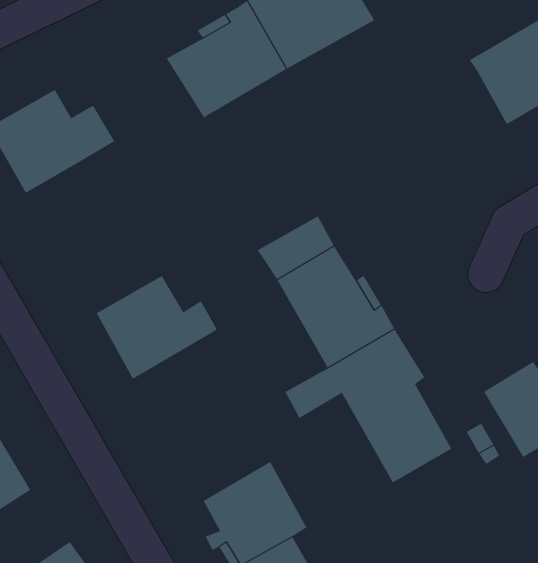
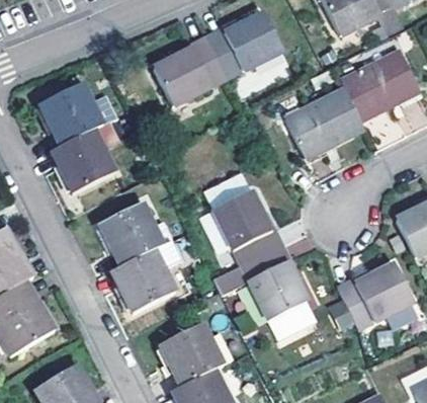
building: none -> [284,88,365,159]
building: none -> [51,129,117,193]
building: none -> [111,239,182,312]

